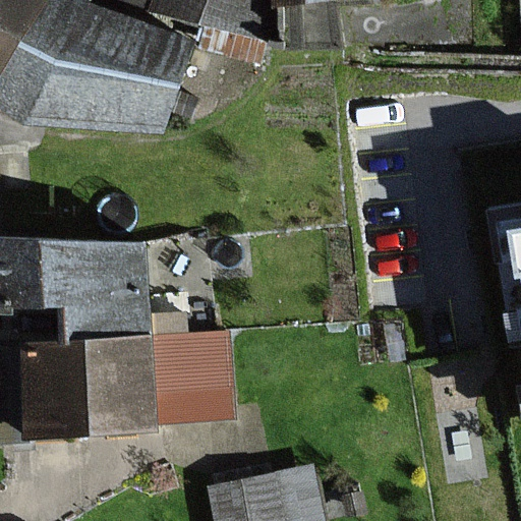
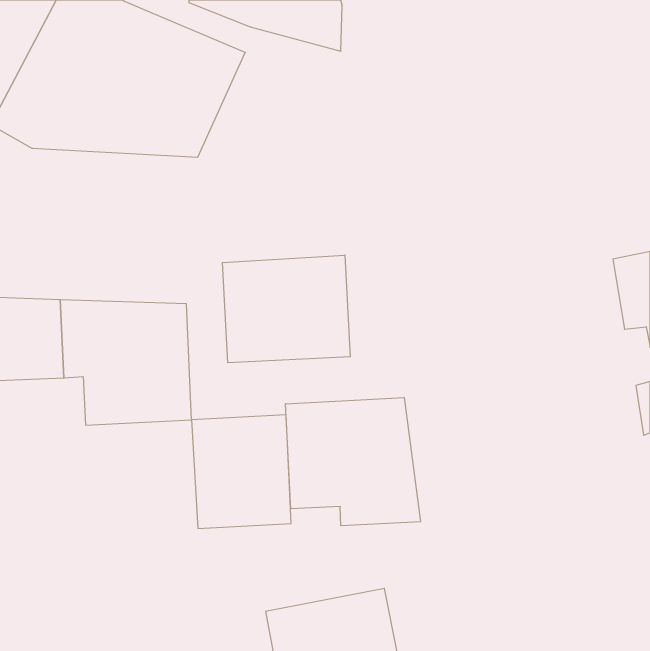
building: none -> [222,255,350,363]
building: none -> [286,397,420,526]
building: [22,336,158,437] -> none

